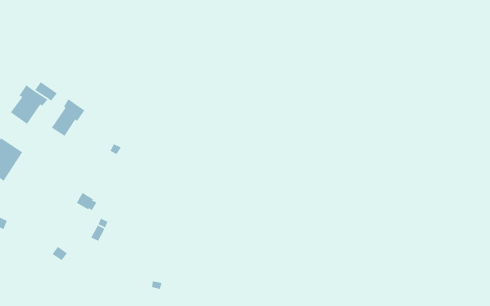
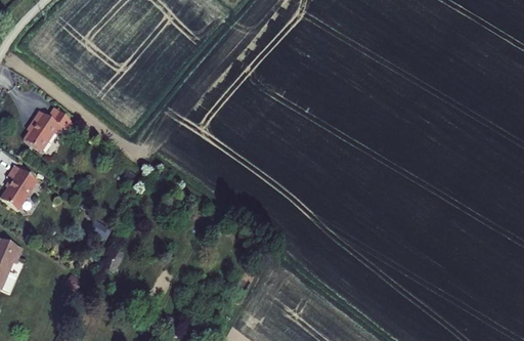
building: [51,98,86,137] -> none

